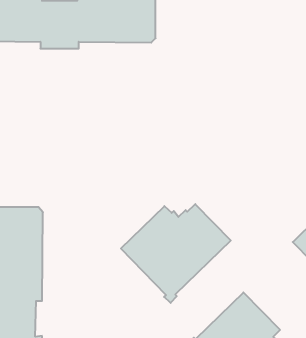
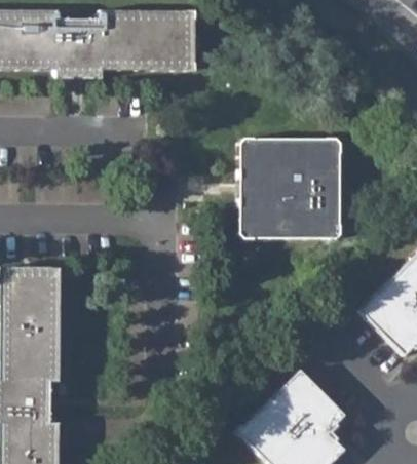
building: none -> [240,139,341,238]
building: [121,204,231,303] -> none

